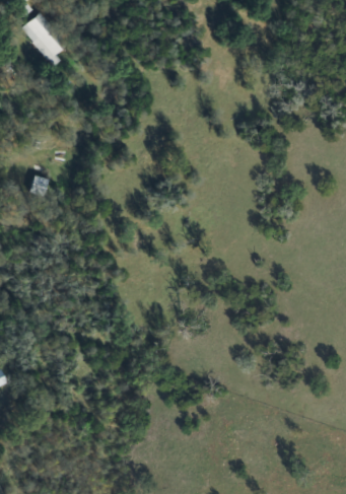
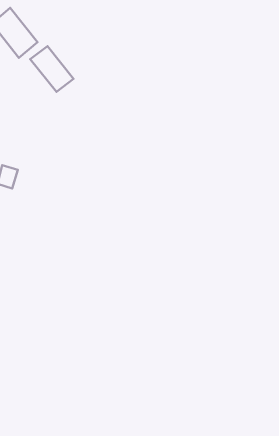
building: none -> [30,46,74,92]

